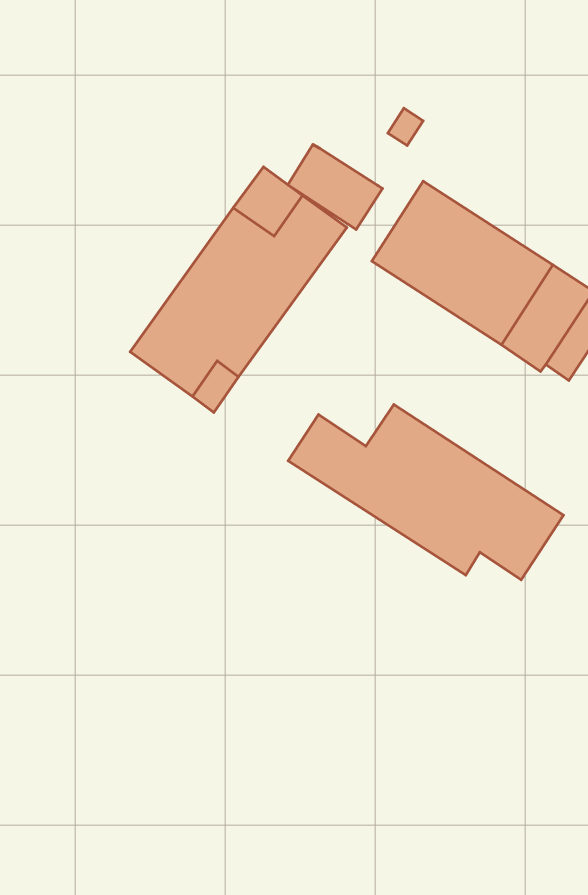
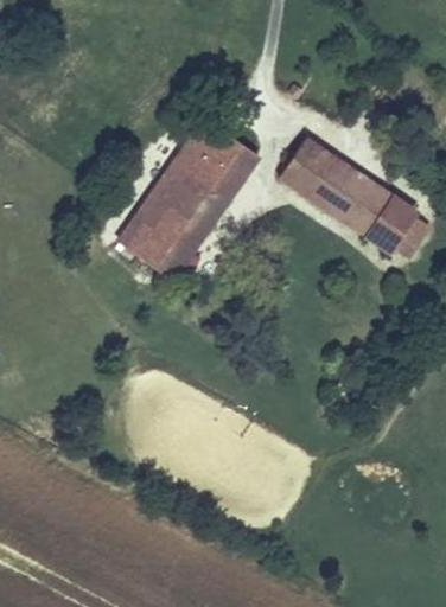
building: [288,144,383,229] -> none
building: [288,404,564,580] -> none

